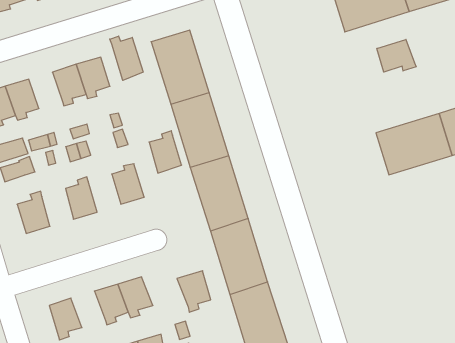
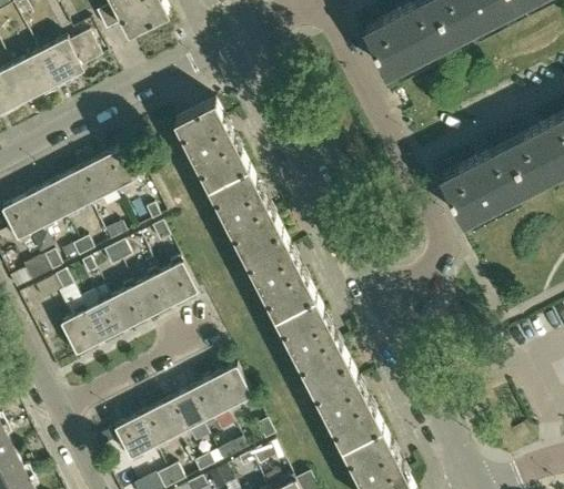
building: [110,36,143,80] -> none
building: [377,39,416,72] -> none
building: none -> [47,174,88,221]
building: [149,131,182,173] -> [131,269,171,318]
building: none -> [83,294,122,343]
building: [177,271,211,312] -> [208,367,249,415]
building: none -> [134,405,177,451]

